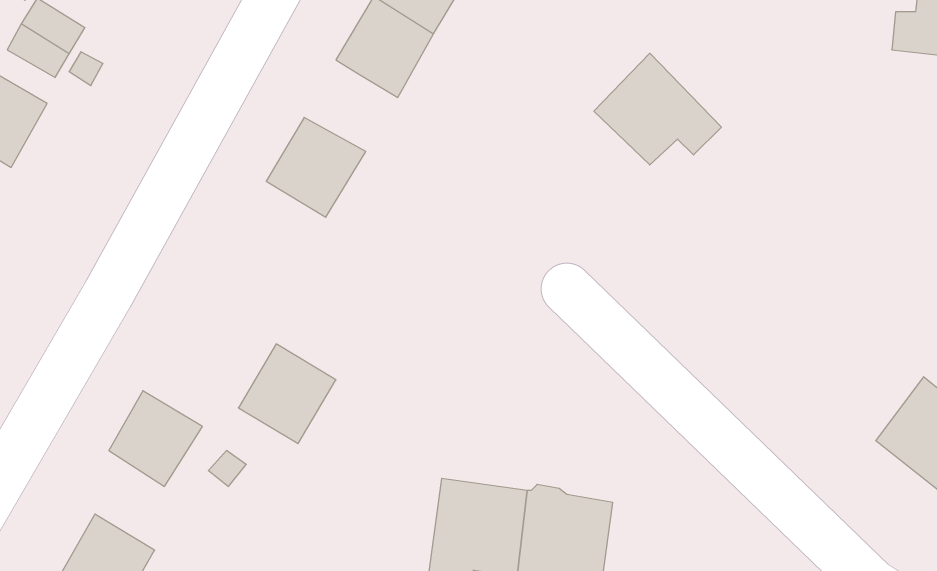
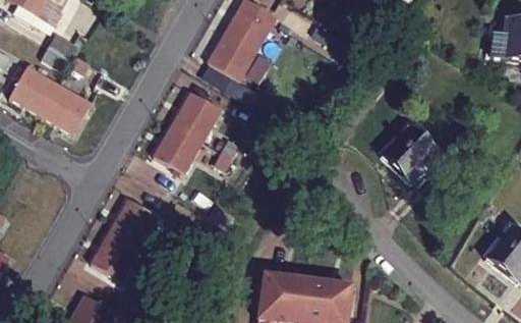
building: [594,53,721,165] -> [381,124,446,181]
building: none -> [43,84,92,133]
building: none -> [155,123,204,172]
building: [238,344,336,444] -> [110,198,160,249]

